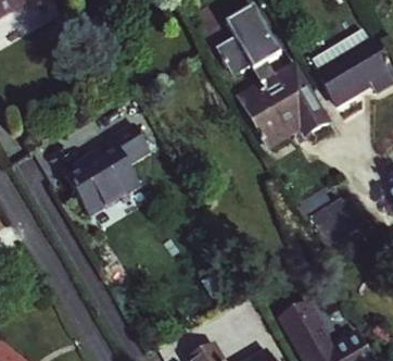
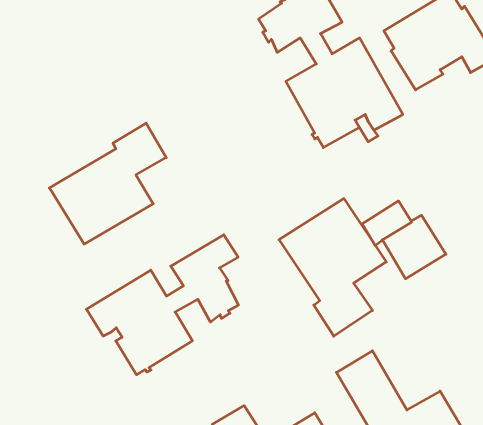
building: none -> [279,199,386,336]
building: none -> [86,235,238,375]

